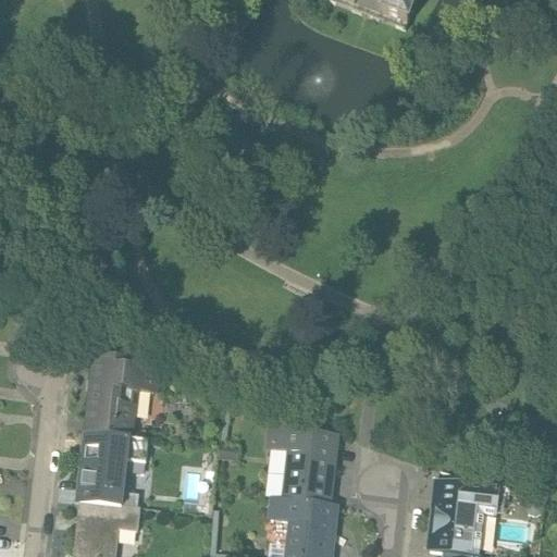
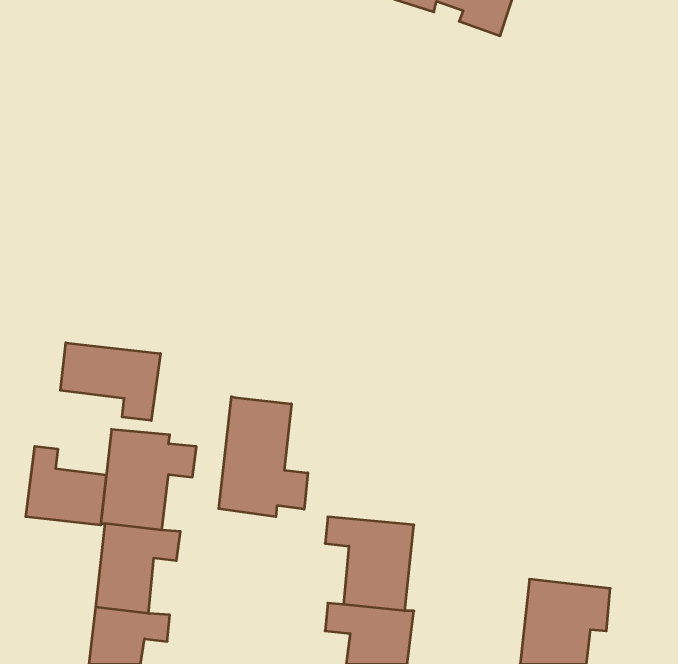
building: none -> [60,343,160,421]
building: none -> [219,397,308,517]
building: none -> [26,446,106,525]

